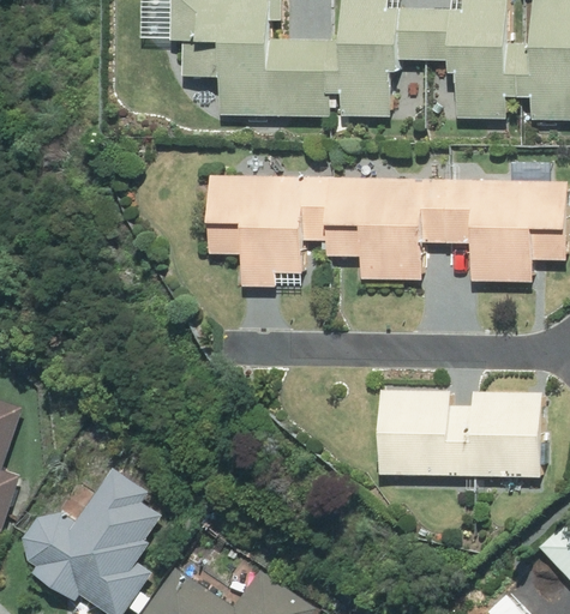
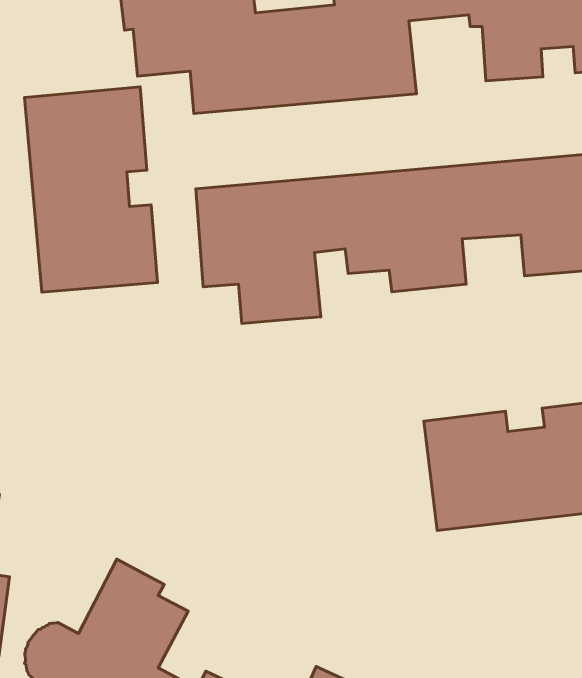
building: none -> [25,87,157,292]

